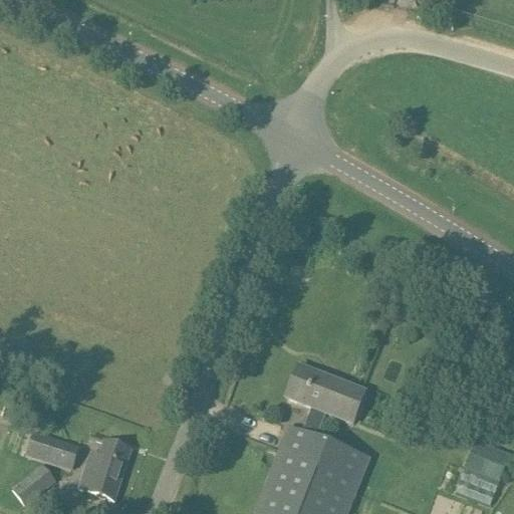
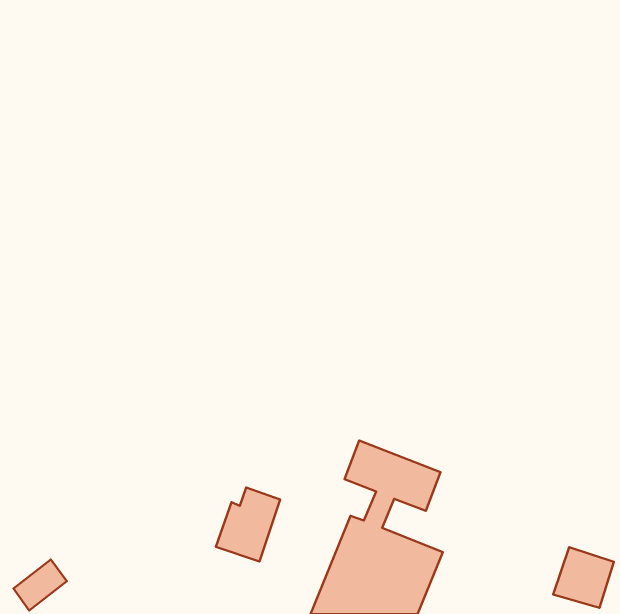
building: [25,431,79,471] -> none
building: [78,439,132,500] -> [216,488,280,562]

